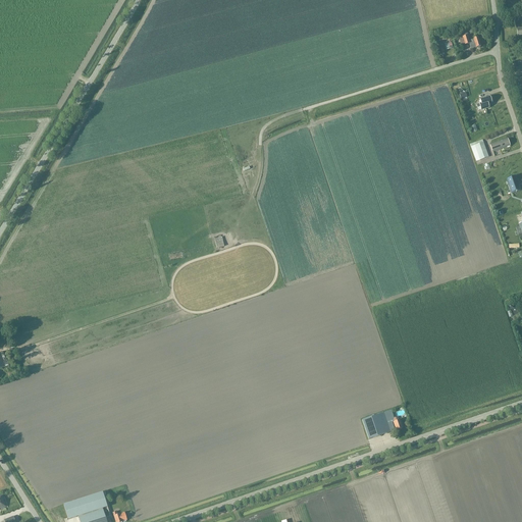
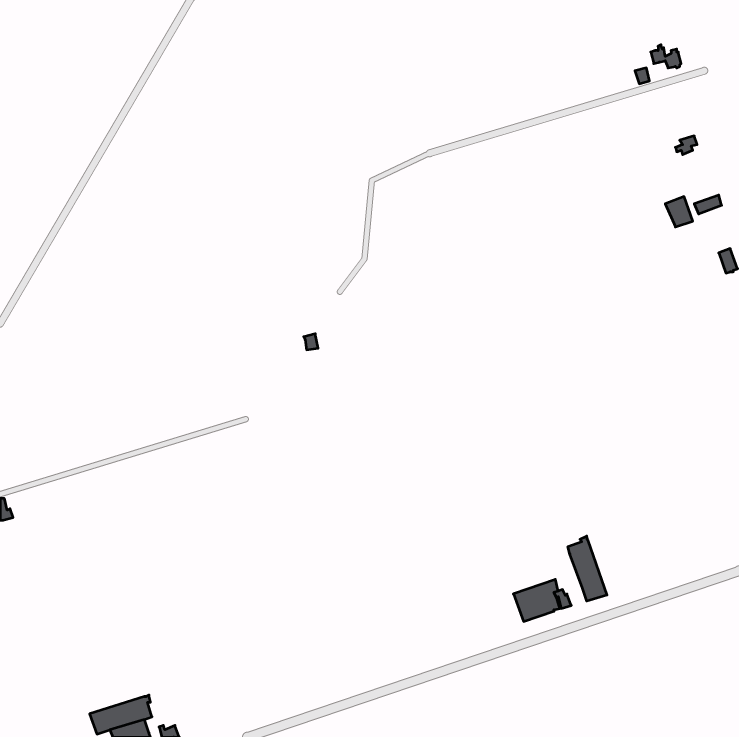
building: none -> [568,536,607,601]

